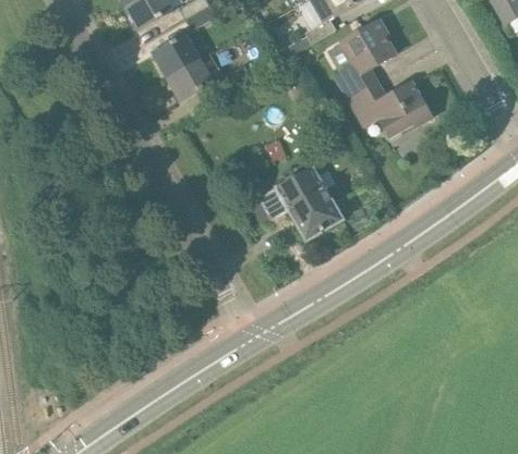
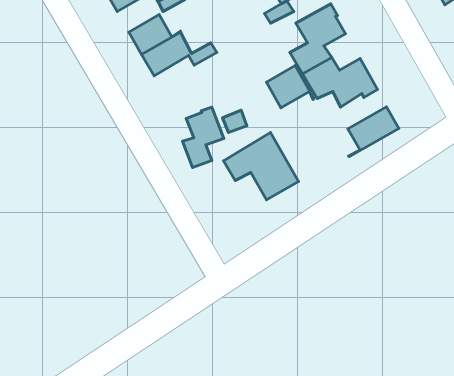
building: none -> [266,66,314,108]
building: none -> [348,107,399,157]
building: none -> [182,107,224,167]

